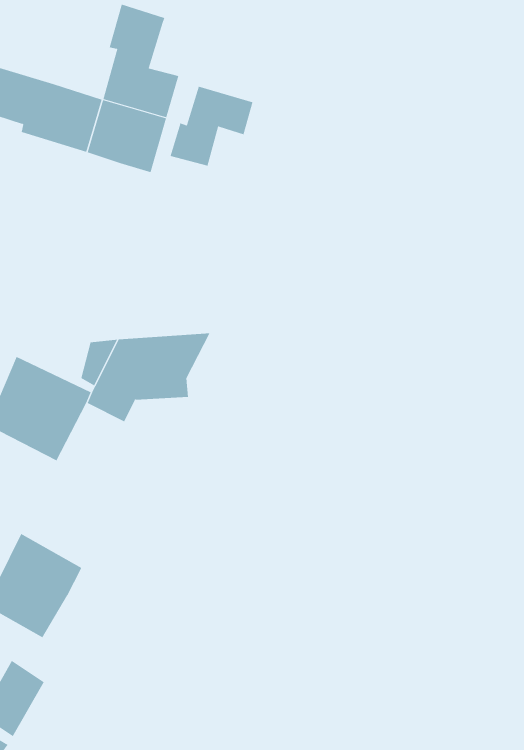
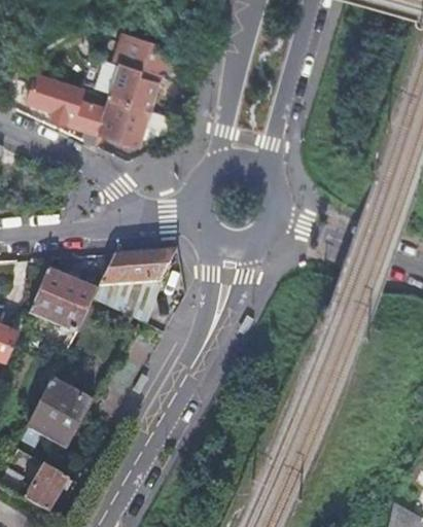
building: [170,86,253,167] -> none

